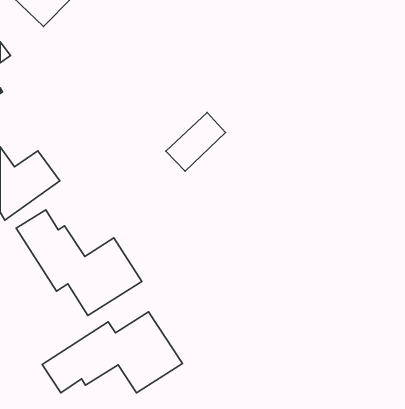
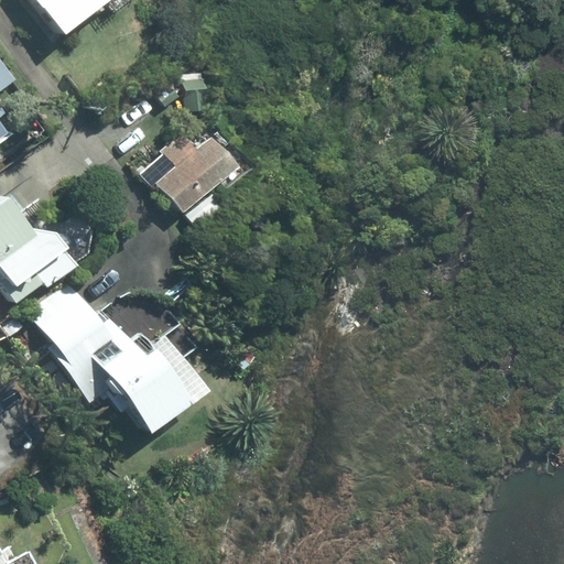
building: [166,112,226,171] -> [152,134,234,215]
building: [42,312,183,393] -> none

